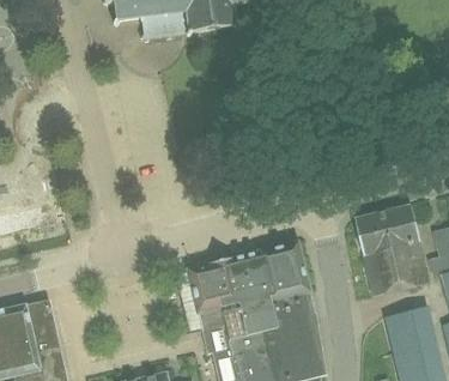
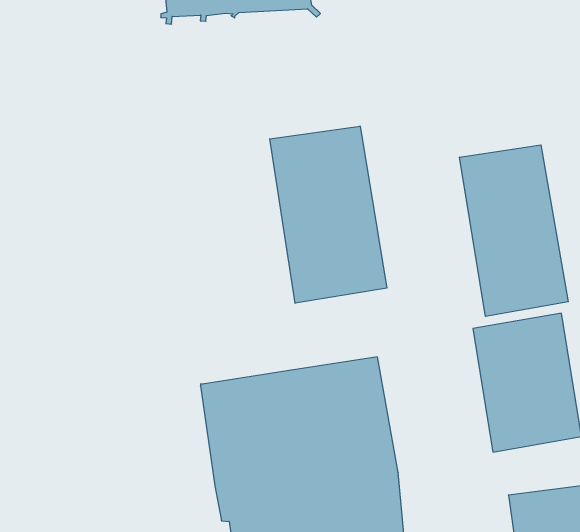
building: none -> [270,126,387,303]
building: none -> [460,145,568,316]

